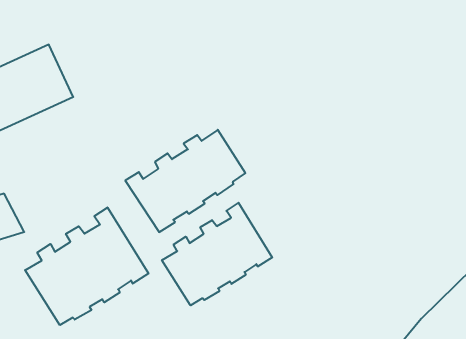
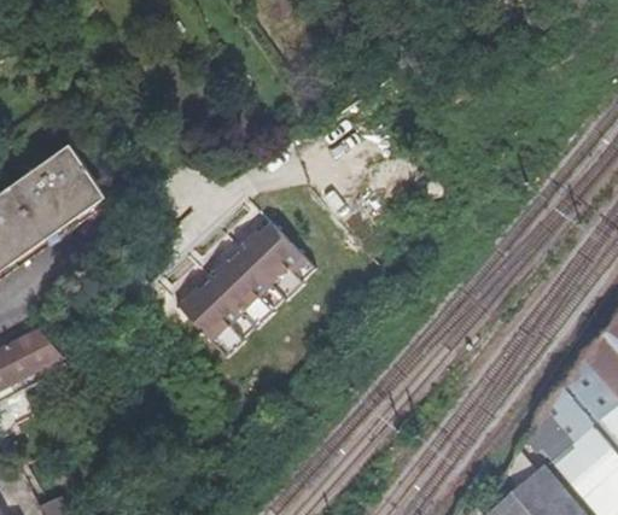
building: [162,203,272,305] -> none
building: [25,207,148,325] -> none

